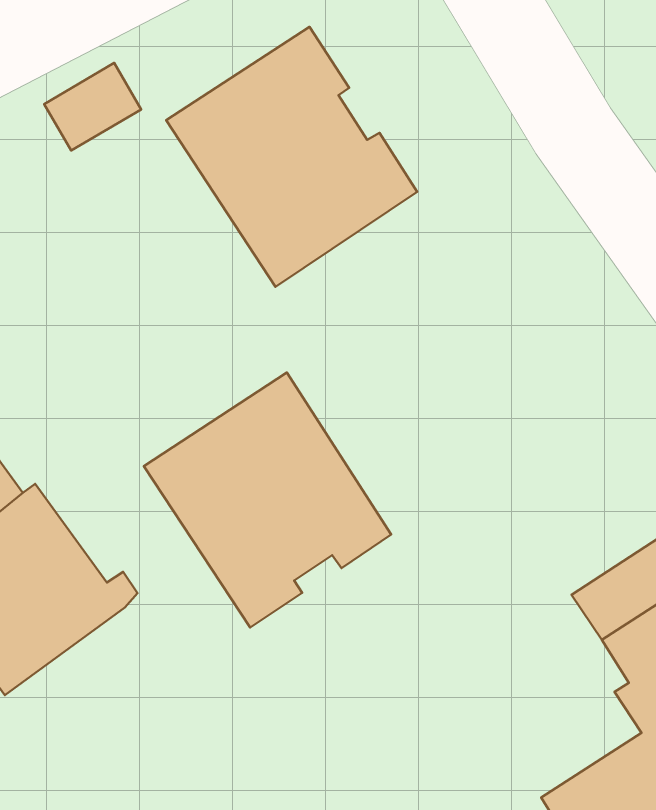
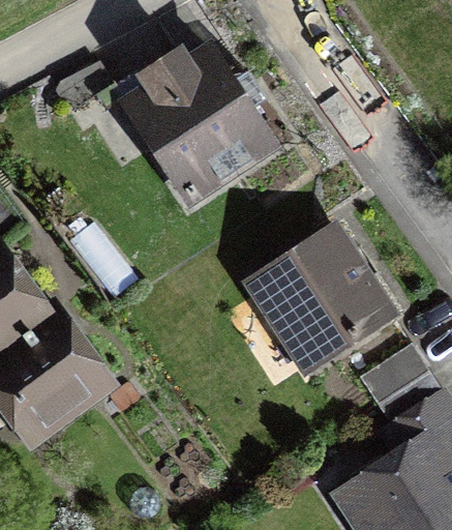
building: none -> [251,227,393,370]
building: [144,372,391,627] -> none

